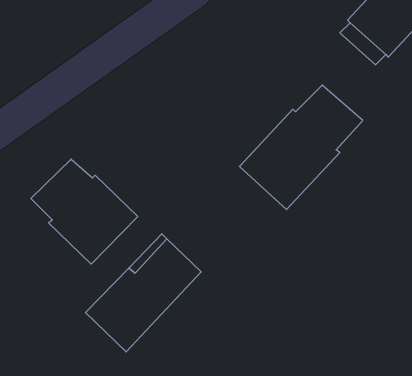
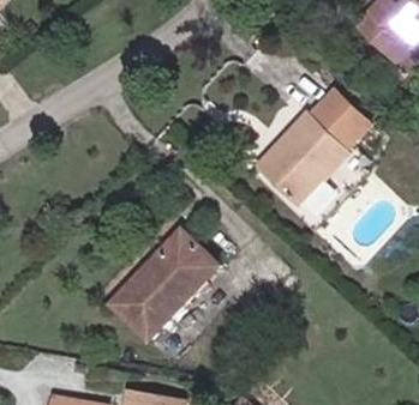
building: [31,159,138,264] -> none

